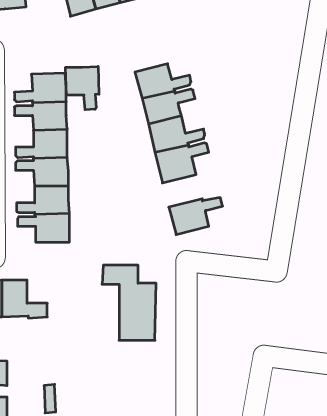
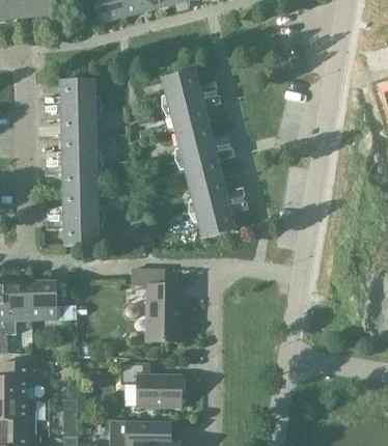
building: [66,66,99,110] -> none
building: none -> [189,178,244,211]
building: none -> [120,361,181,407]

